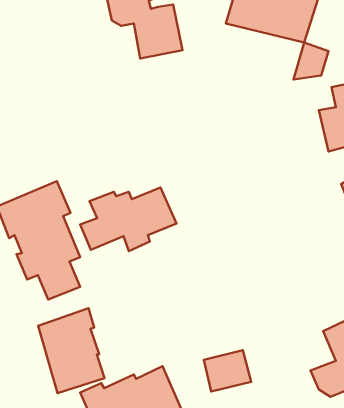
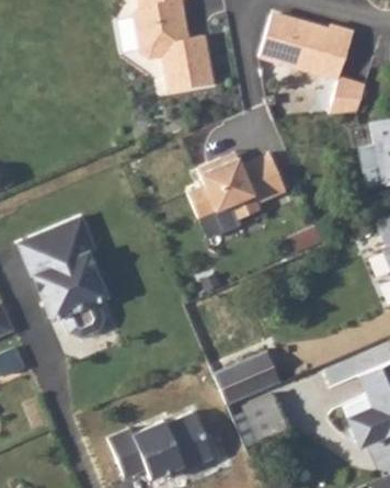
building: [80,188,176,251] -> [188,154,288,219]
building: none -> [214,349,279,404]
building: [38,308,104,393] -> none

